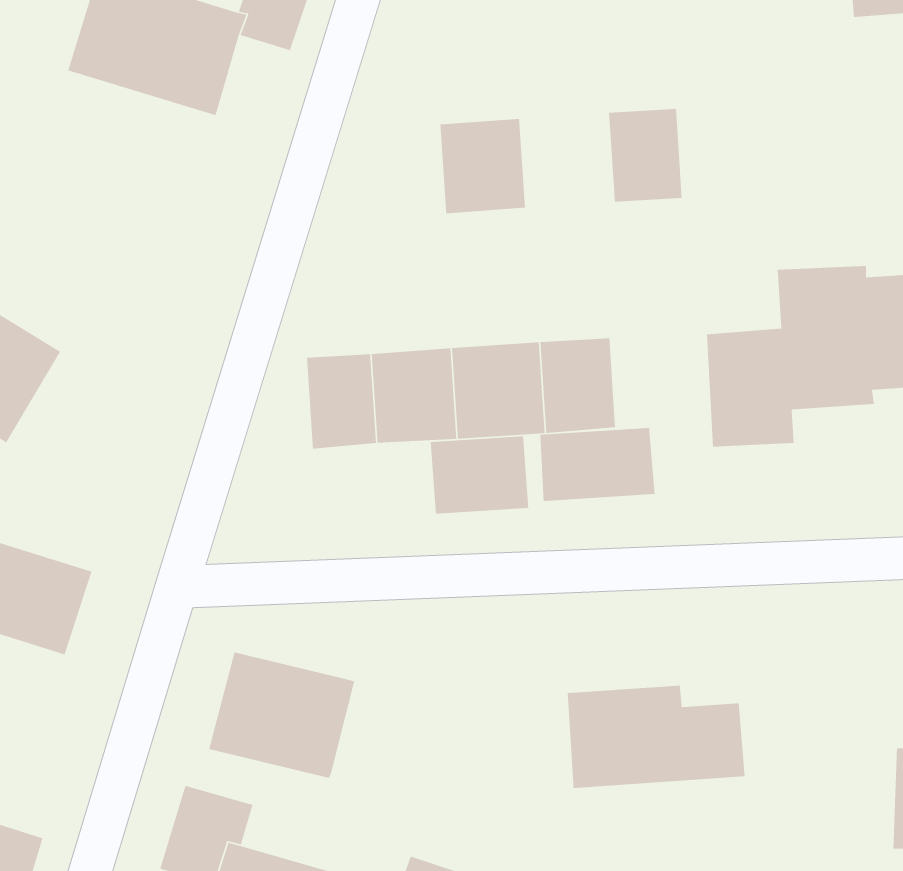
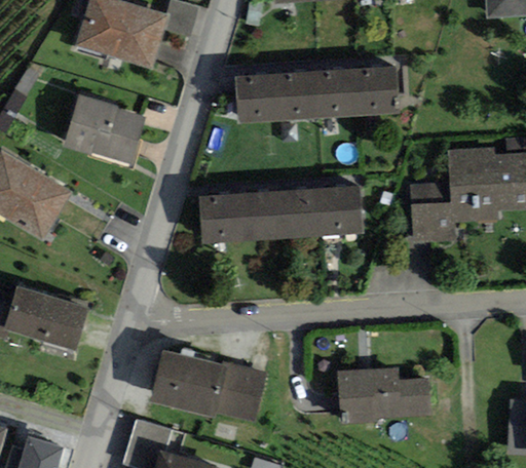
building: none -> [312,67,362,117]
building: none -> [235,73,273,122]
building: none -> [62,93,146,166]
building: [539,427,656,502] -> none
building: [430,435,529,514] -> none
building: none -> [214,359,267,422]

